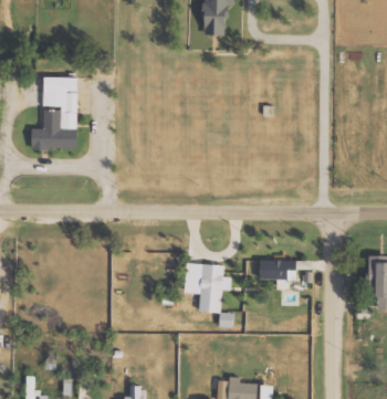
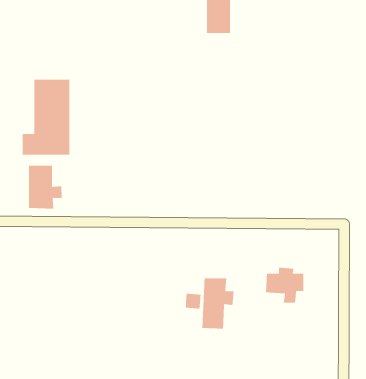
building: none -> [28,165,63,210]

